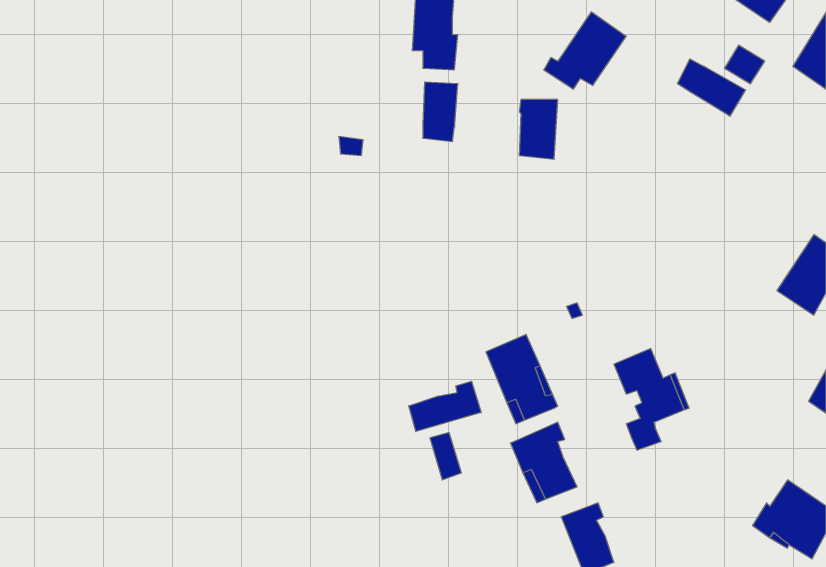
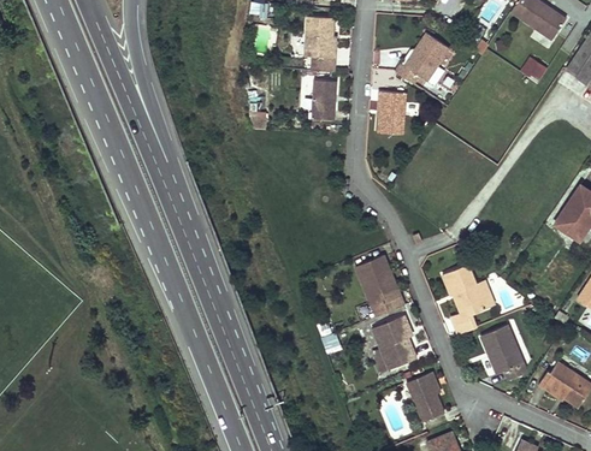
building: [678,59,746,116] -> none
building: [409,381,481,432] -> none
building: none -> [481,324,526,380]

